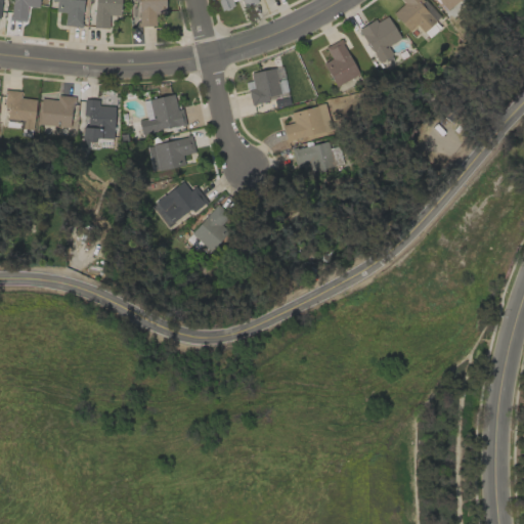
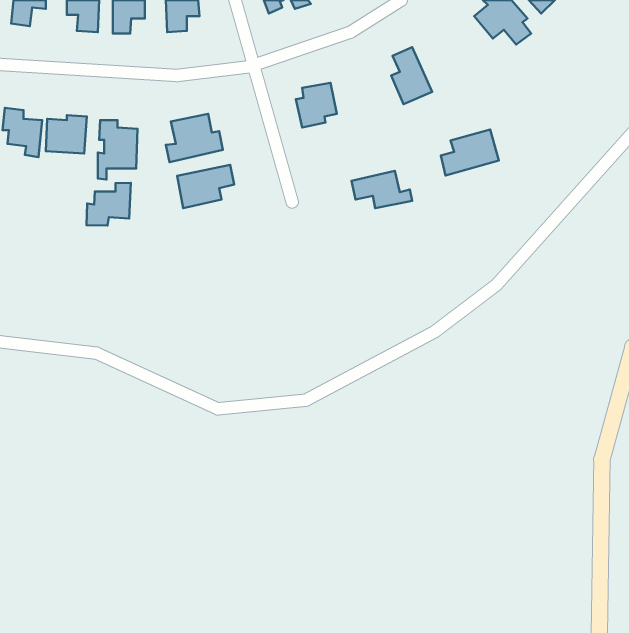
building: [362,15,401,62] -> none
building: [285,103,333,141] -> [441,130,499,175]
building: none -> [87,183,131,225]
building: [158,181,207,224] -> none
building: [191,207,236,253] -> none

